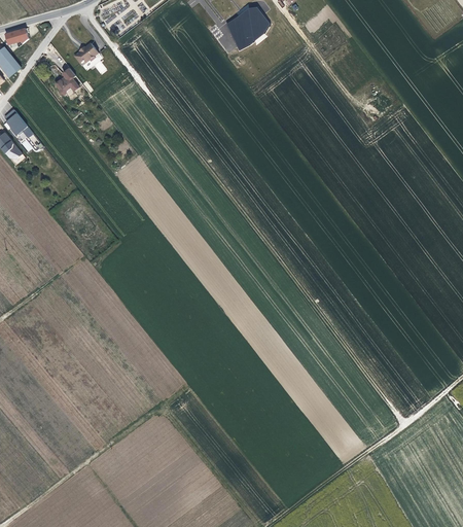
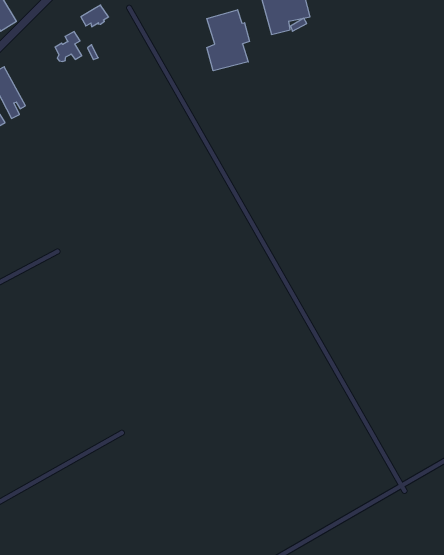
building: none -> [207,10,250,71]

